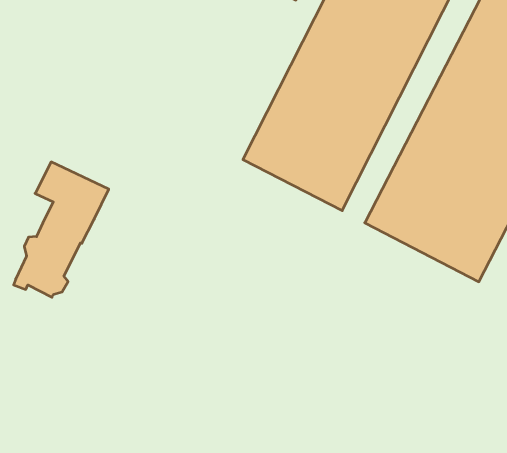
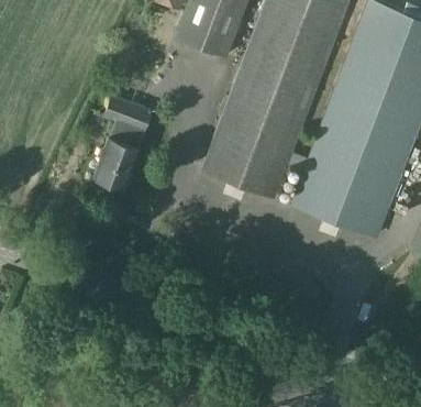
building: [14,162,109,297] -> [93,97,152,190]

